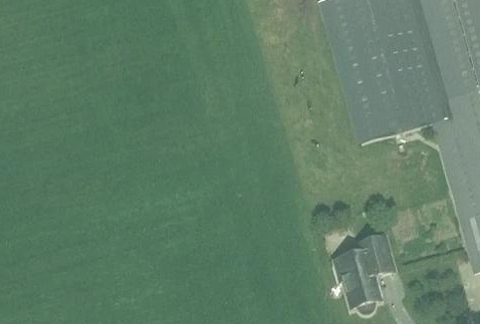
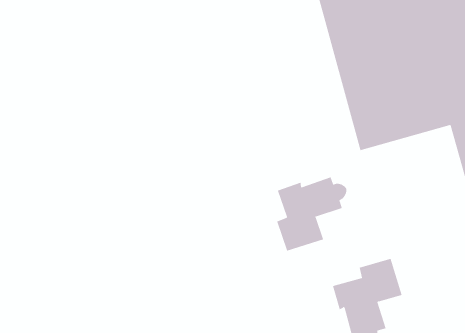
building: none -> [277,176,347,251]

